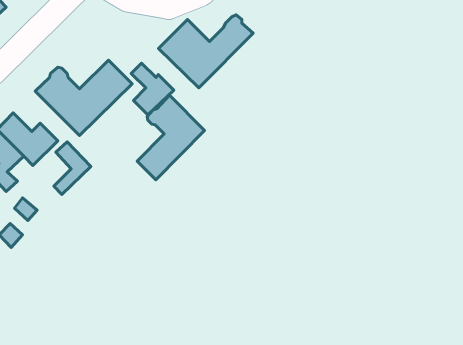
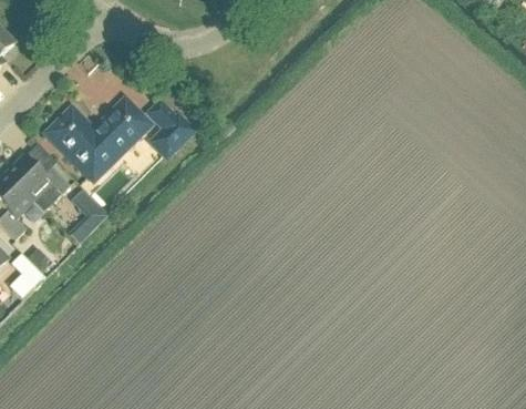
building: [158,15,253,88] -> none
building: [137,95,205,180] -> none

